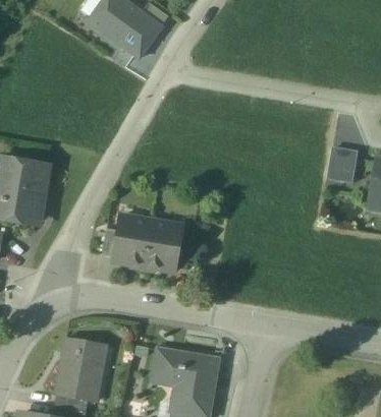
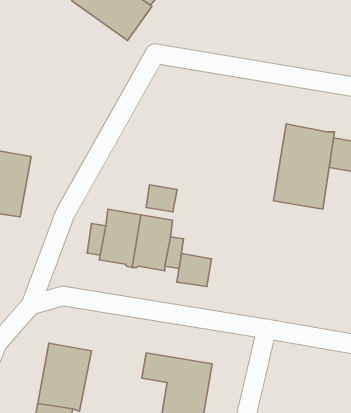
building: none -> [274,124,335,209]
building: none -> [146,185,177,212]
building: none -> [177,253,211,287]

